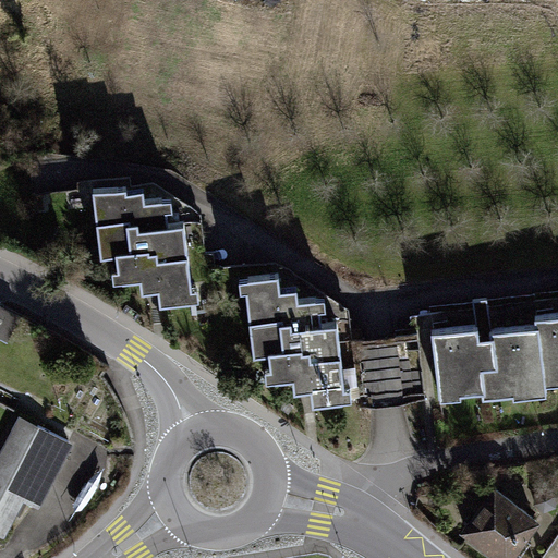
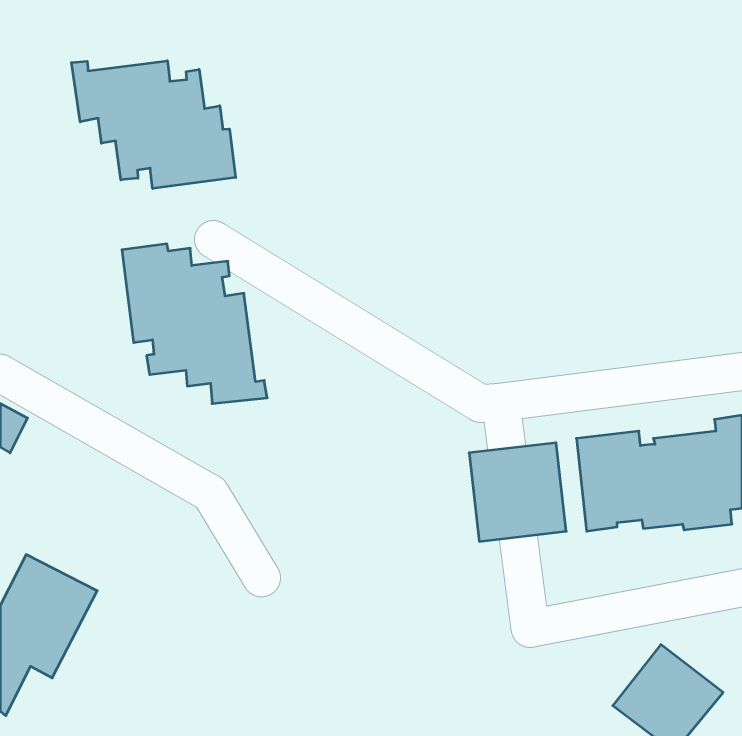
building: none -> [71,61,236,189]
building: [239,277,353,407] -> none

